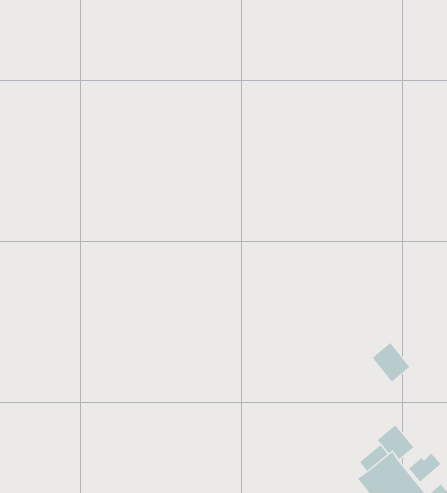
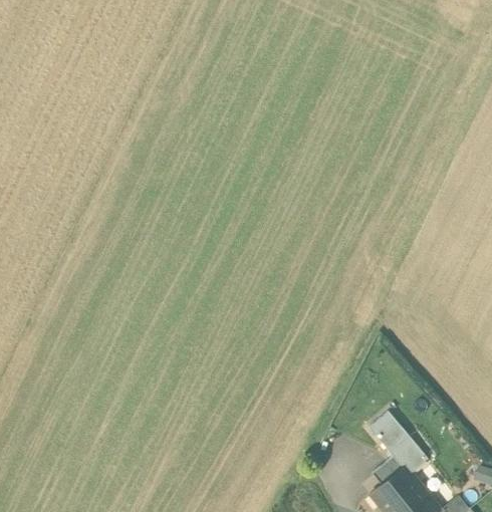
building: [372,342,410,383] -> [371,413,410,454]
building: [408,453,442,483] -> none

